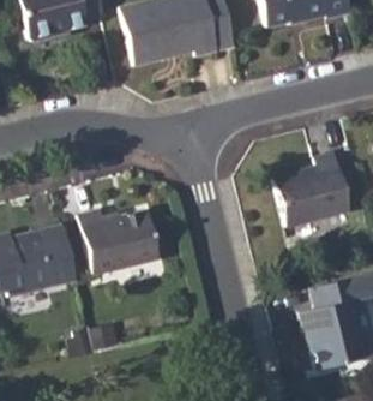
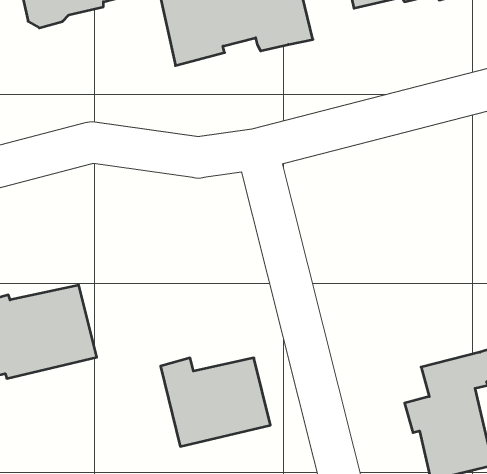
building: [273,152,348,226] -> none
building: [80,210,161,275] -> [161,358,270,446]

